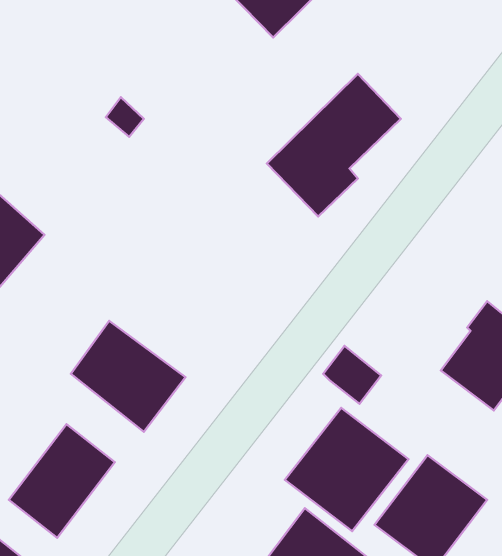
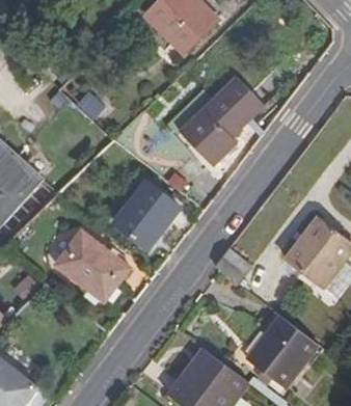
building: none -> [113,180,180,249]
building: [285,408,408,531] -> none
building: [9,424,115,538] -> none

